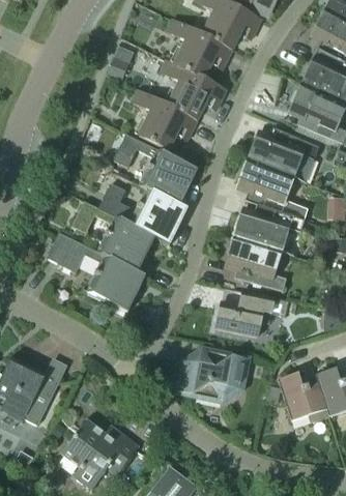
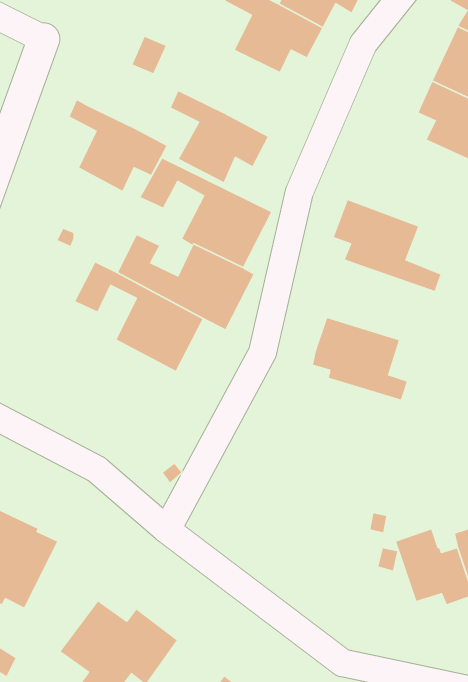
building: [161,59,225,119] -> [69,99,168,192]
building: [247,128,318,181] -> none
building: [233,203,304,251] -> none
building: [45,231,144,311] -> none
building: [215,291,289,335] -> none
building: [178,349,247,400] -> none

